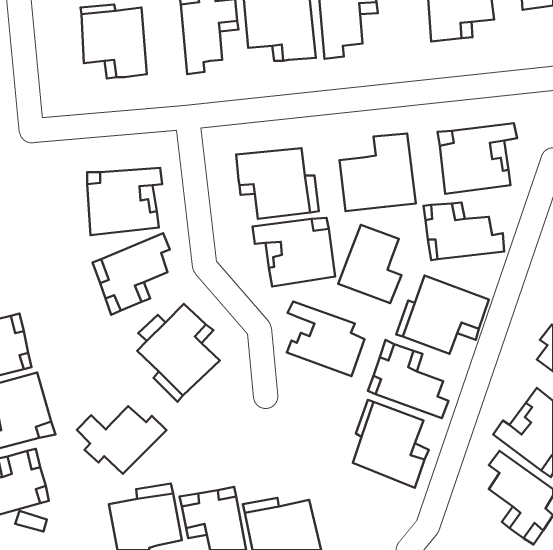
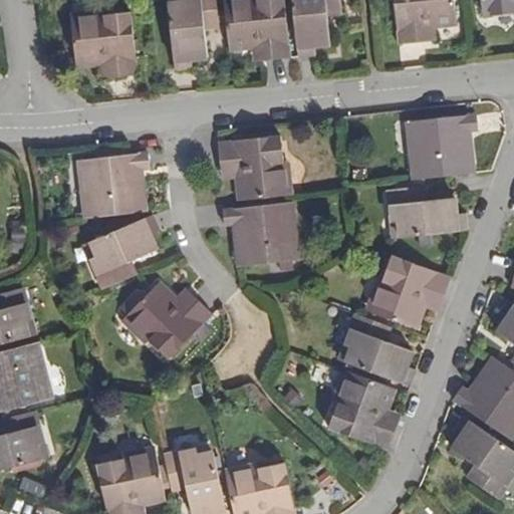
building: [339,134,416,211] -> none
building: [338,225,402,303] -> none
building: [287,301,364,376] -> none
building: [77,406,166,474] -> none

